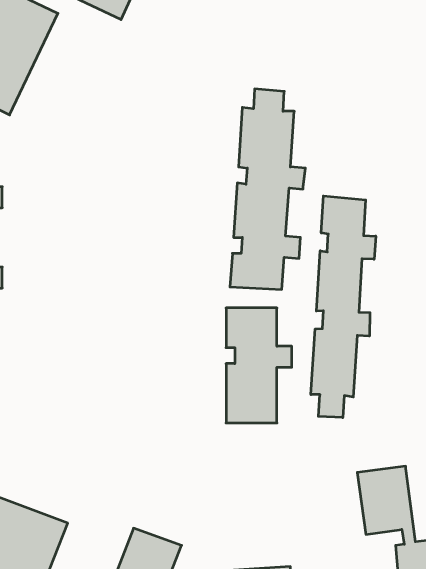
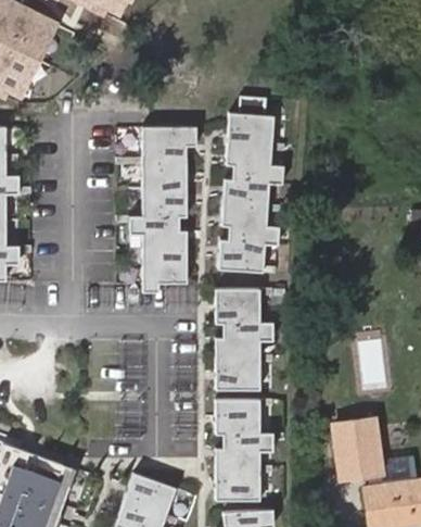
building: none -> [128,125,194,291]
building: [311,196,376,418] -> none
building: none -> [215,396,272,498]

